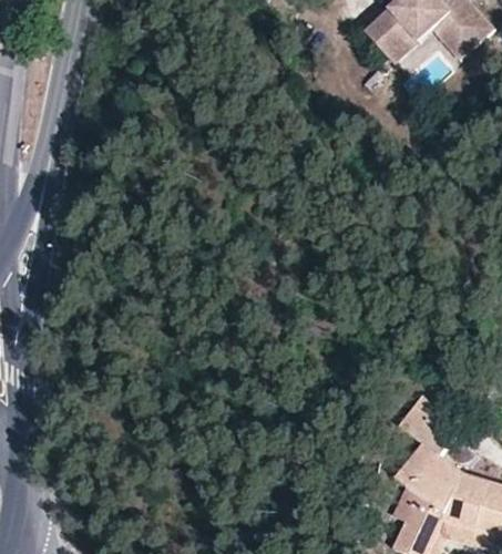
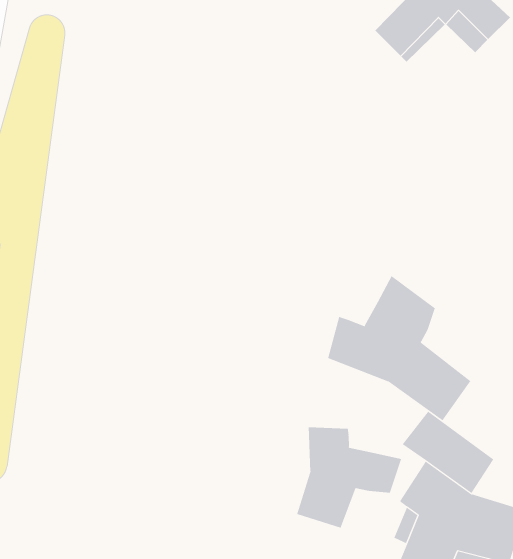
building: none -> [327,275,471,421]
building: none -> [296,427,402,528]

